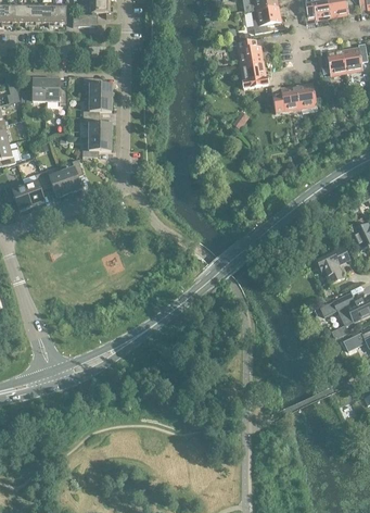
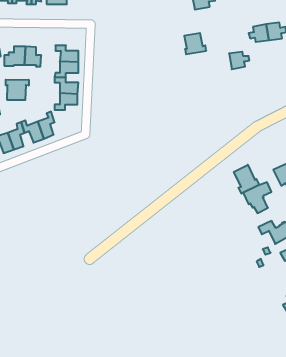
building: [238,37,263,64] -> none
building: [271,86,299,112] -> none
building: none -> [6,80,29,100]
building: none -> [234,165,259,194]

